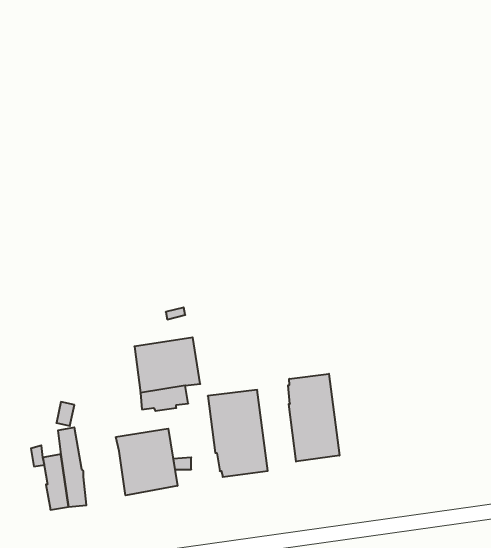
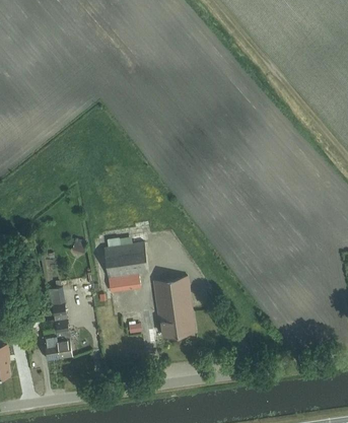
building: [288,374,339,462] -> none
building: [116,429,177,495] -> none

